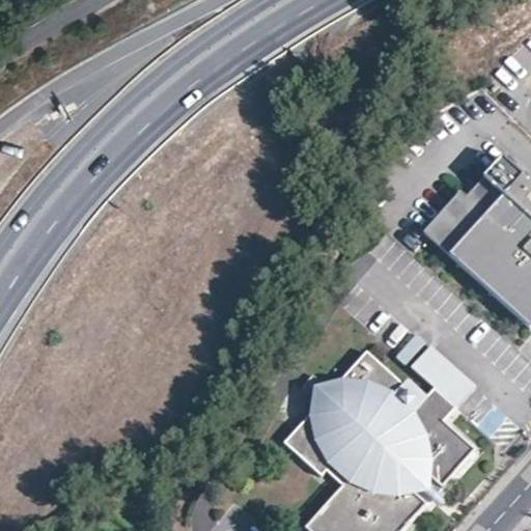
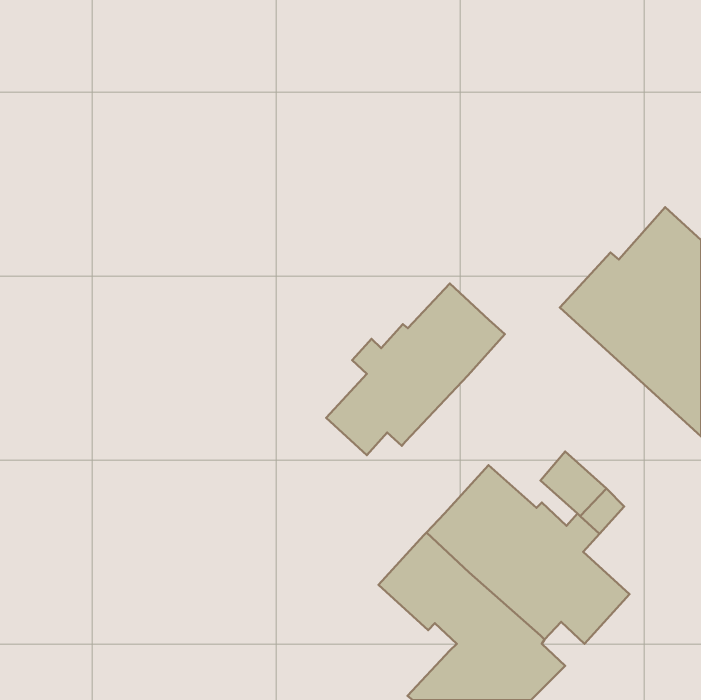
building: none -> [326,284,505,455]

